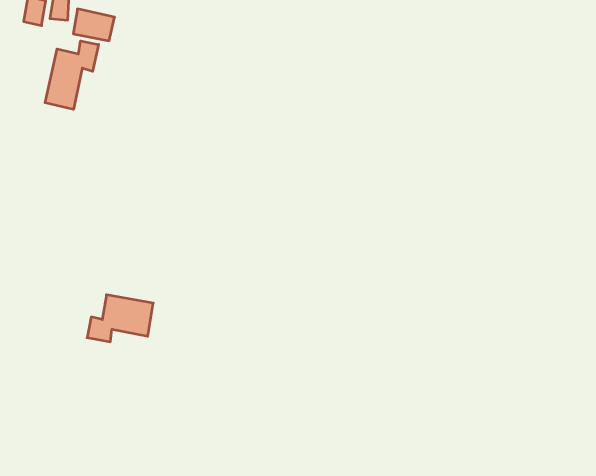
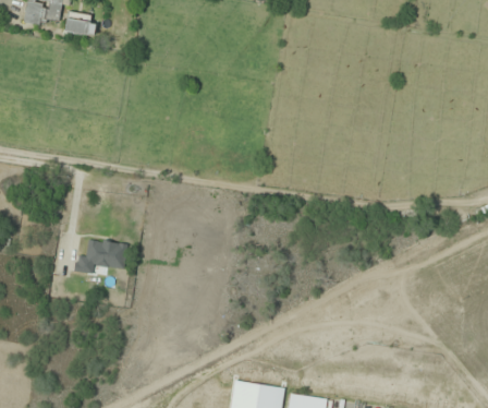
building: [45,41,99,109] -> none

